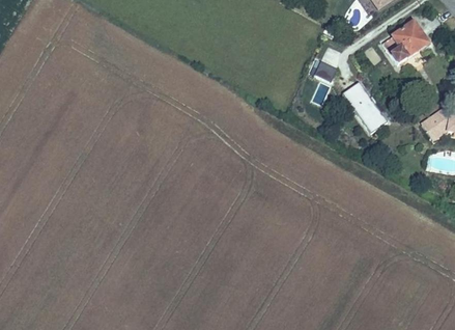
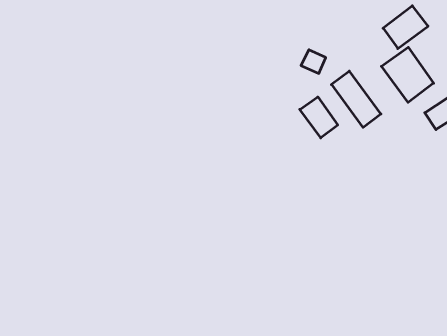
building: none -> [381,47,434,102]
building: none -> [300,97,338,138]

